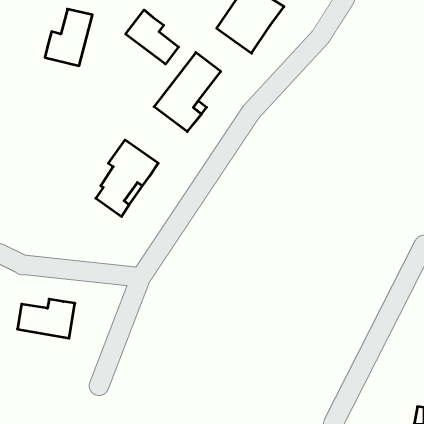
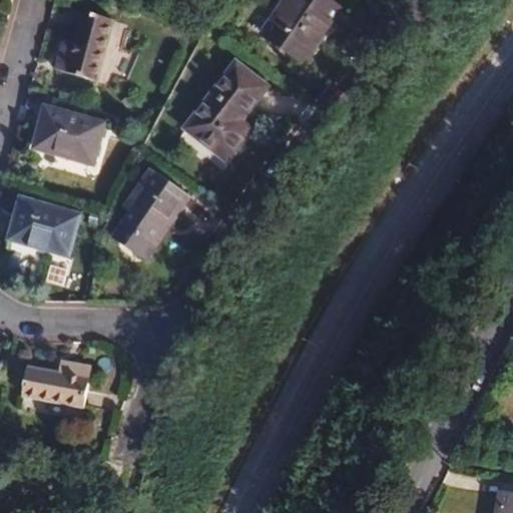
building: [126,10,179,64] -> none
building: none -> [31,105,103,163]
building: none -> [7,196,79,254]

